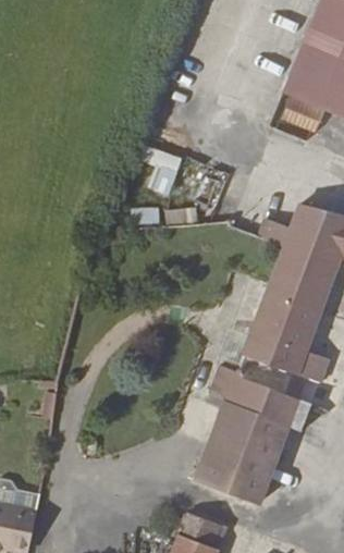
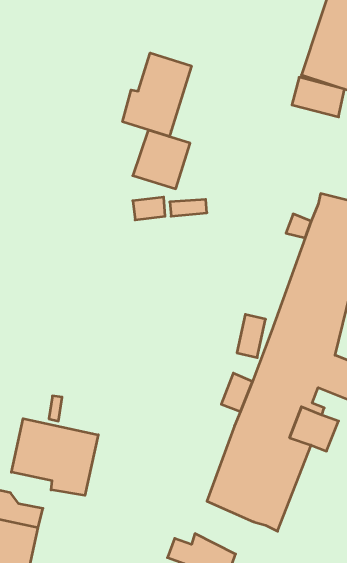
building: none -> [123,53,191,137]
building: none -> [11,419,98,495]

